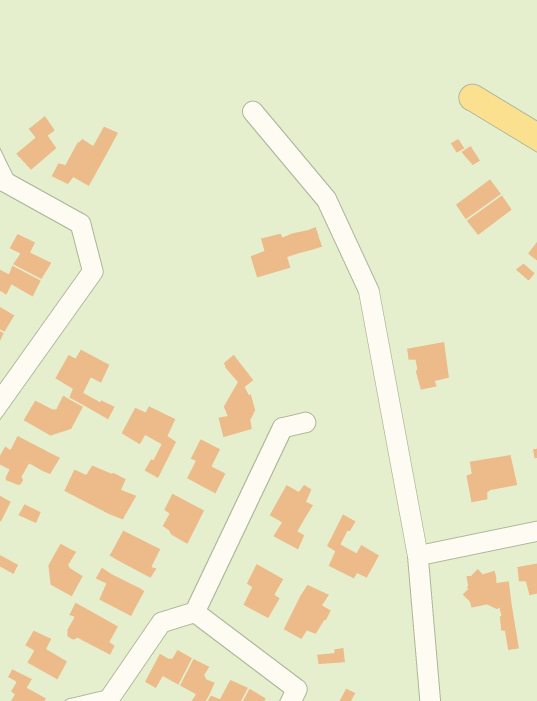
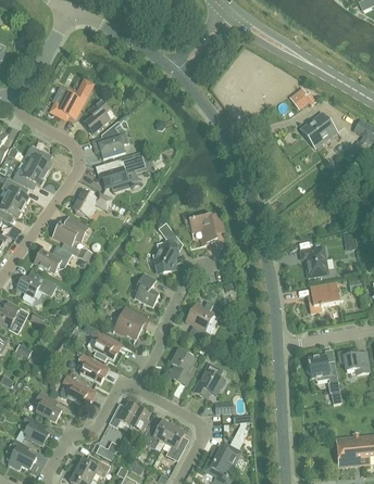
building: [15,115,57,171] -> [83,99,109,133]
building: none -> [91,120,124,157]
building: [249,226,323,279] -> [100,154,146,187]
building: none -> [73,191,111,215]
building: none -> [183,212,216,245]
building: [406,341,450,390] -> [299,246,326,277]
building: [120,405,177,479] -> none
building: [63,465,137,520] -> none
building: [326,513,380,579] -> none
building: [47,542,84,597] -> none

